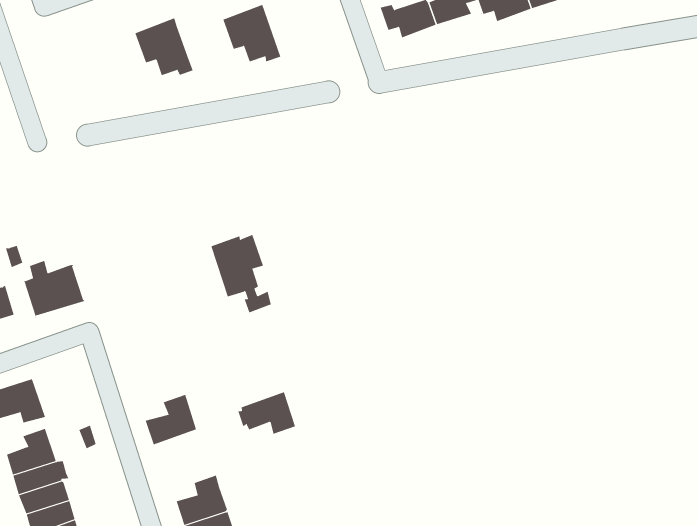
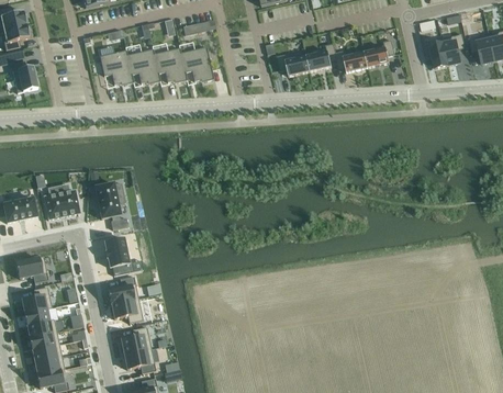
building: none -> [154,46,187,81]
building: none -> [100,48,134,83]
building: [210,234,272,313] -> [94,181,127,228]
building: none -> [104,237,143,274]
building: [238,391,296,435] -> [109,296,143,322]

